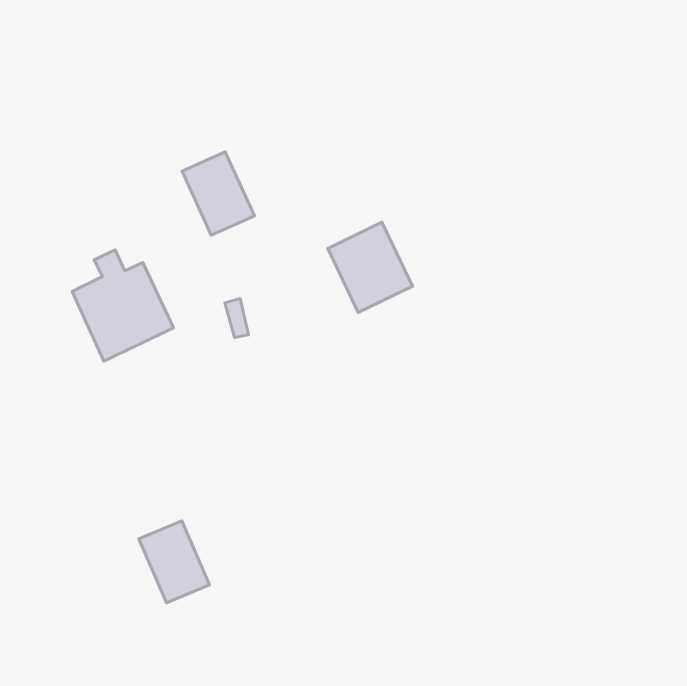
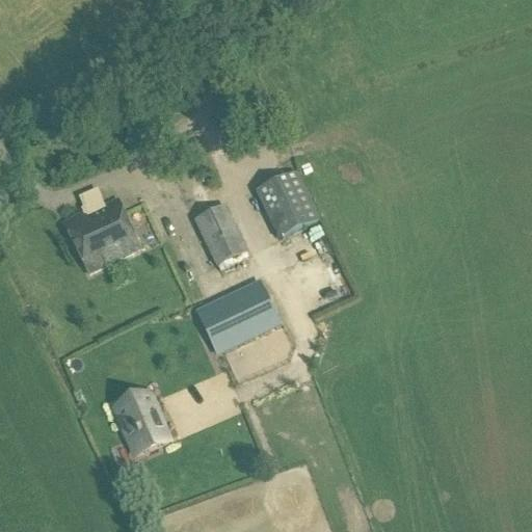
building: [182,152,254,235] -> [193,203,247,265]
building: none -> [196,278,277,345]

